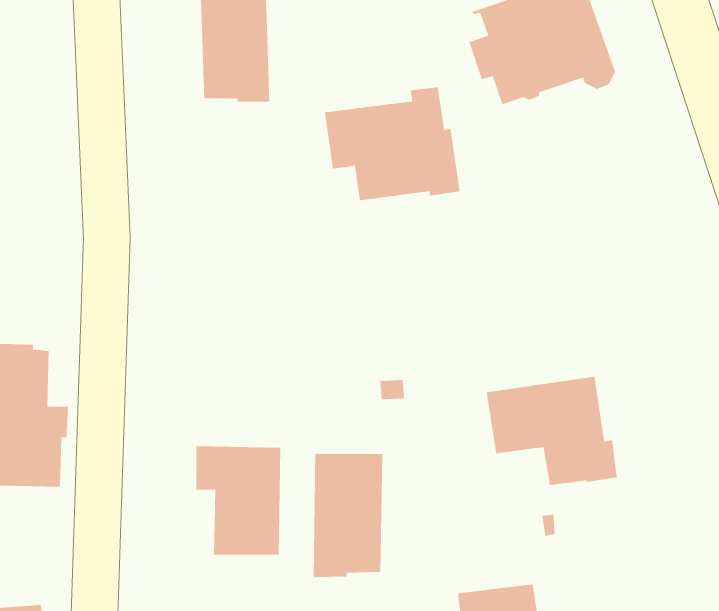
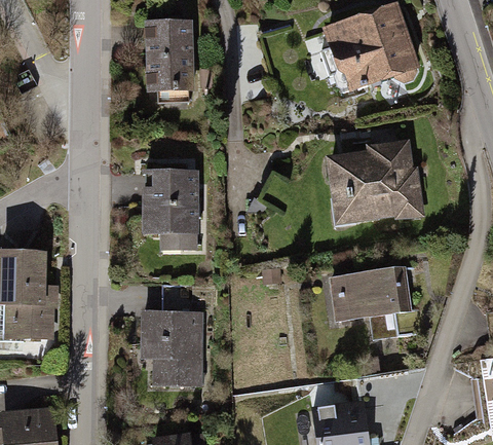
building: [324,87,461,201] -> [330,144,418,218]
building: none -> [144,172,194,249]
building: [313,453,383,578] -> none

